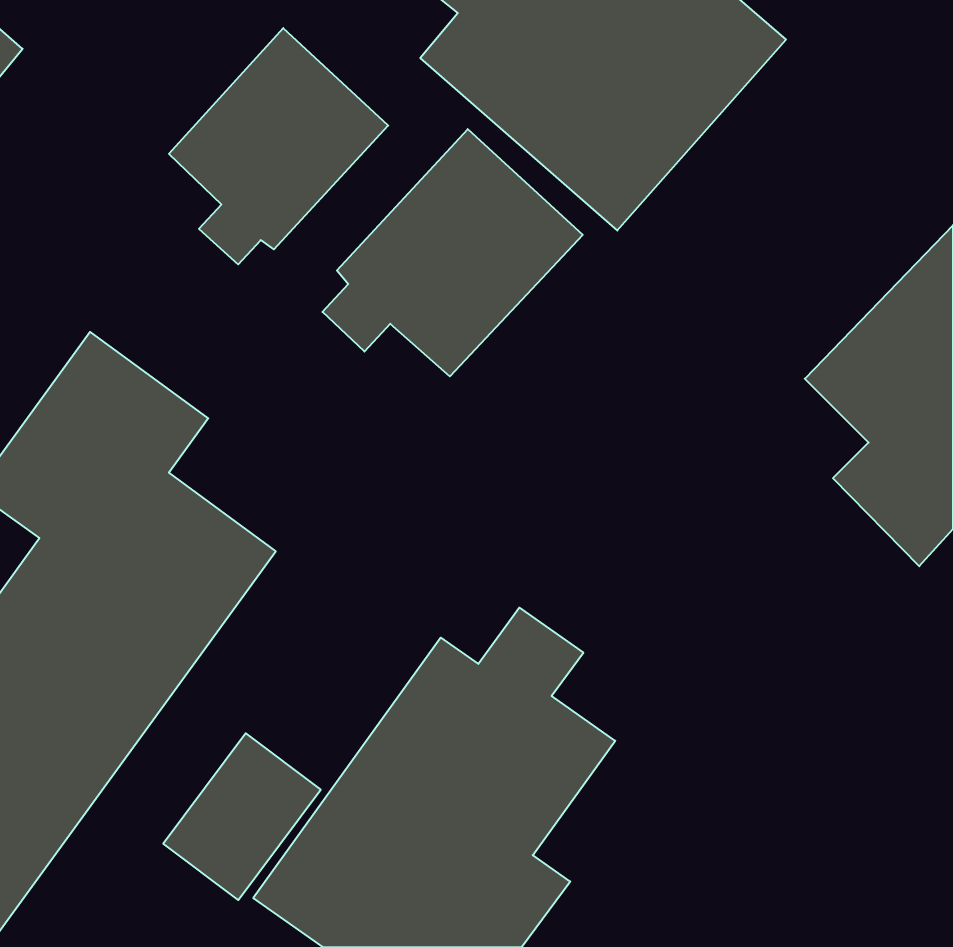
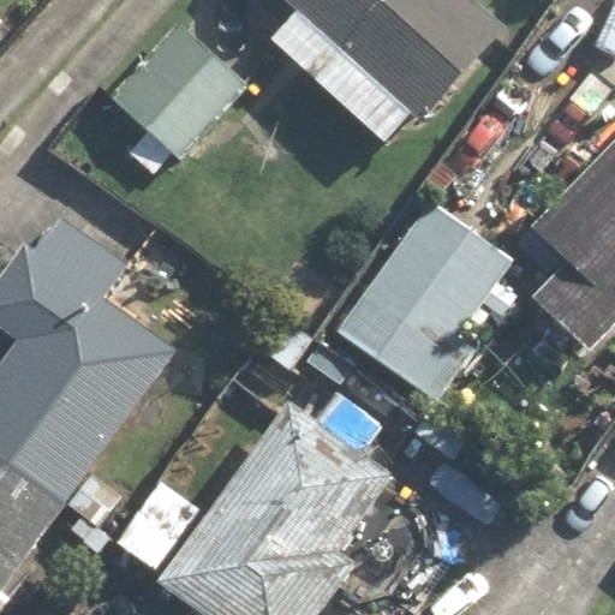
building: [322,129,583,376] -> none
building: none -> [334,201,509,402]

